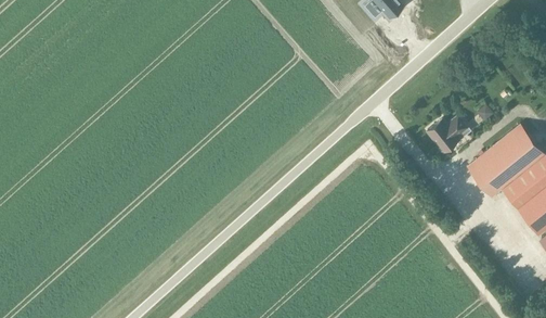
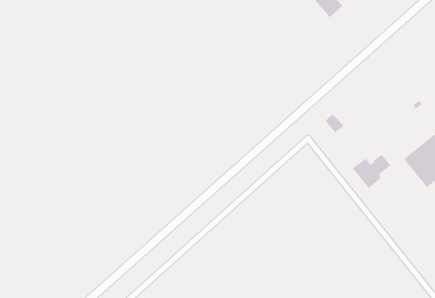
building: [427,116,468,153] -> [352,154,391,189]

